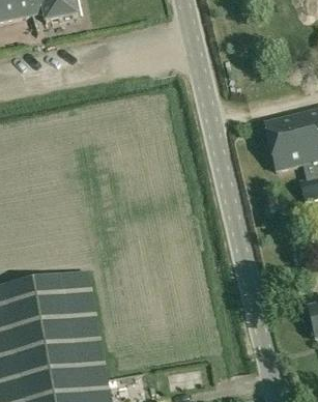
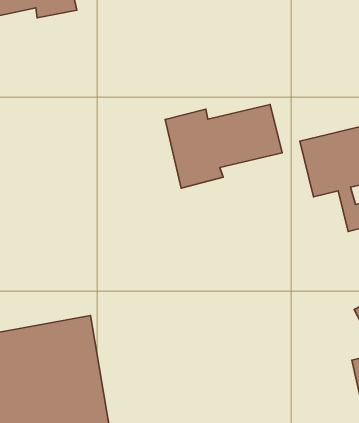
building: none -> [165,104,282,188]

